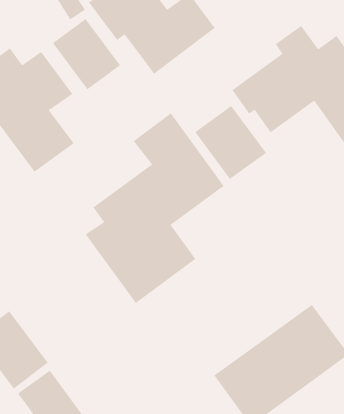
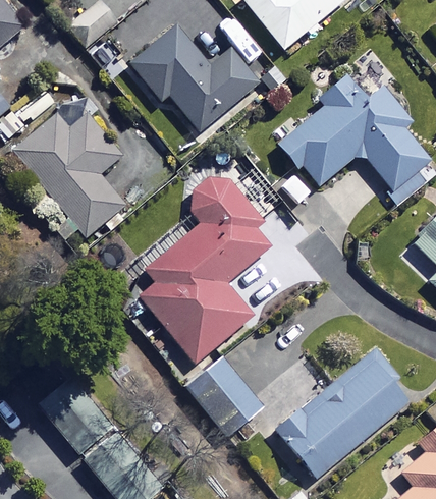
building: [52,18,121,90] -> none
building: [195,105,267,180] -> none
building: none -> [186,356,262,434]

